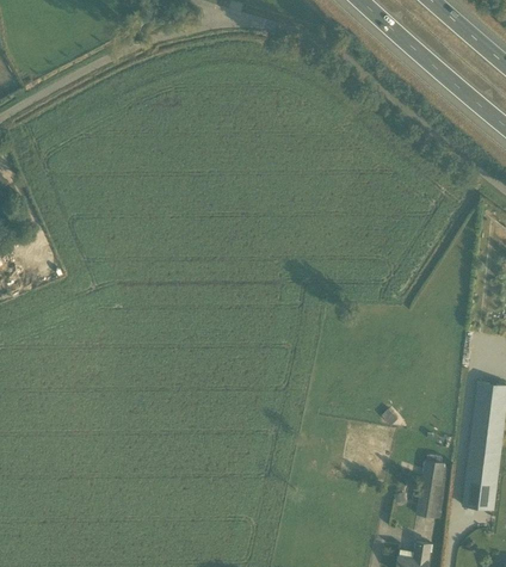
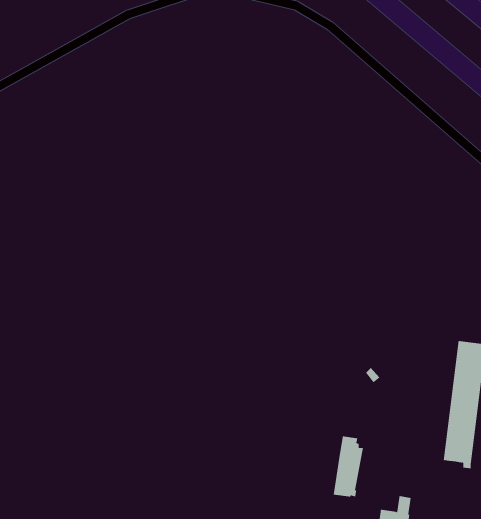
building: [418,455,450,518] -> [333,436,364,497]

